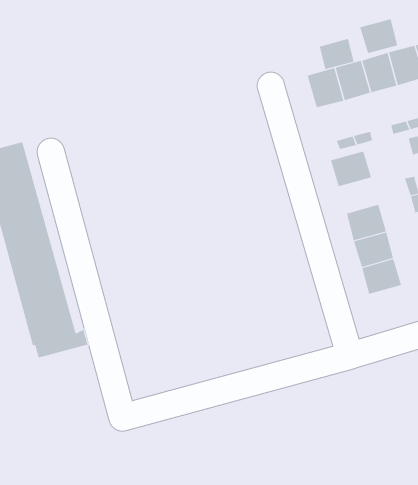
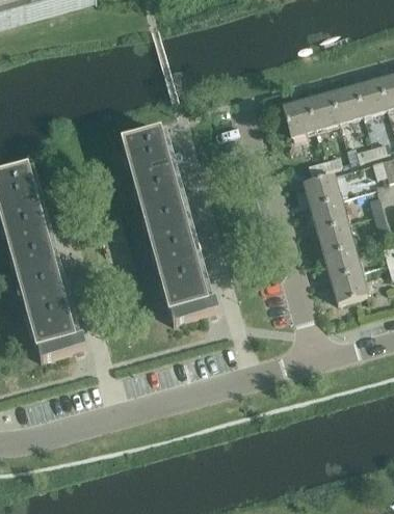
building: [360,18,398,54] -> none
building: [319,38,354,70] -> none
building: none -> [122,129,219,323]
building: none -> [311,197,347,229]

